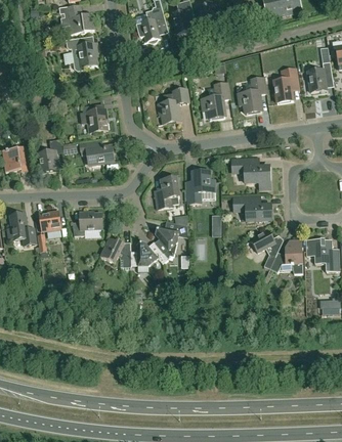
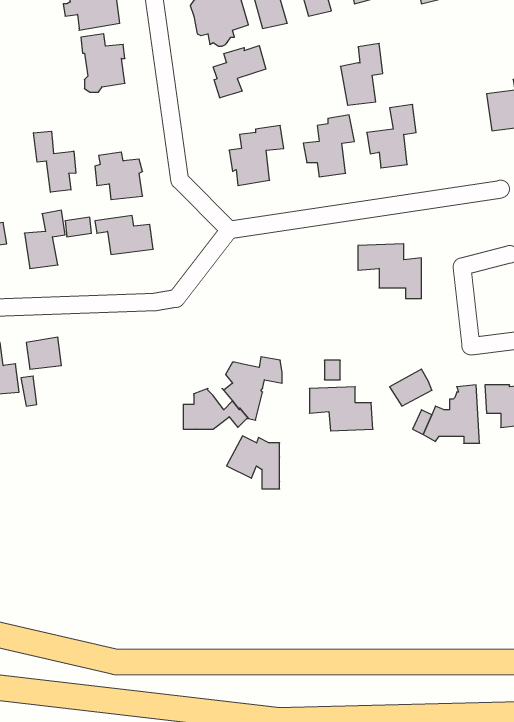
building: none -> [213,46,266,98]
building: [273,68,298,103] -> [340,43,383,105]
building: none -> [34,131,76,192]
building: [186,171,215,204] -> none
building: [155,179,179,209] -> none
building: [234,196,271,222] -> [309,387,373,431]
building: [73,212,103,235] -> none
building: [100,238,131,269] -> [227,436,280,489]

